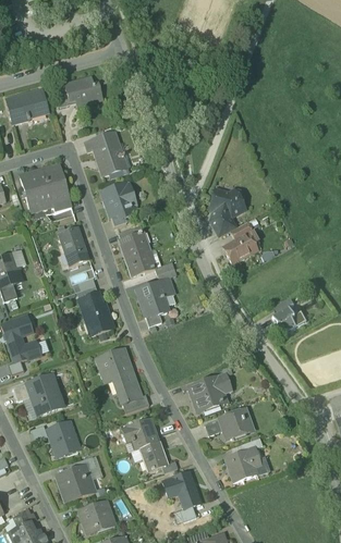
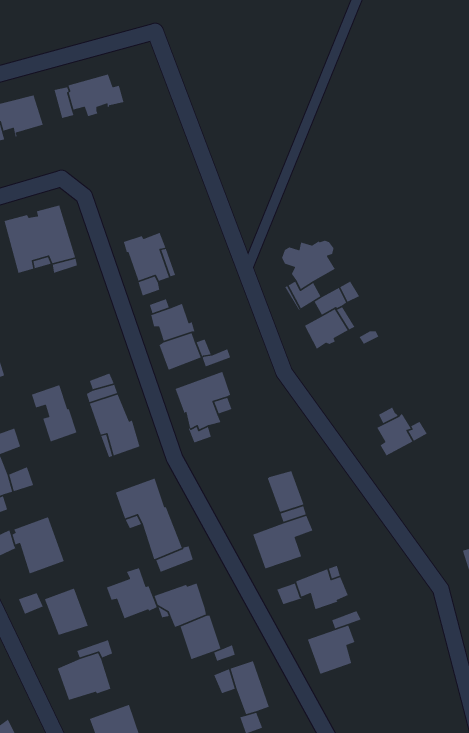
building: [85,132,131,175] -> none
building: [58,226,89,266] -> [31,384,78,443]
building: none -> [267,470,304,513]
building: none -> [103,567,158,620]

